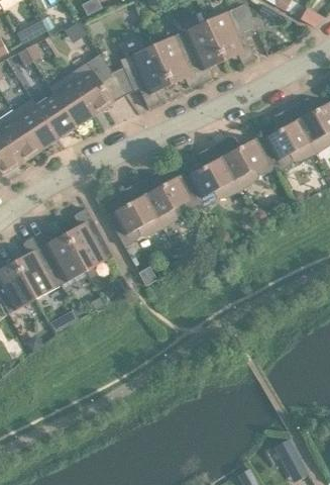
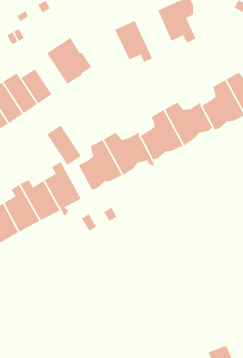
building: [178,21,222,82] -> none
building: [111,45,170,109] -> none
building: [48,75,93,126] -> [46,124,82,166]

